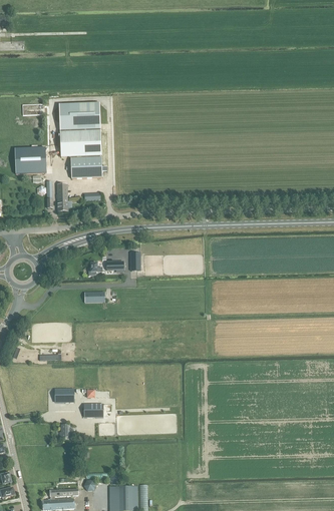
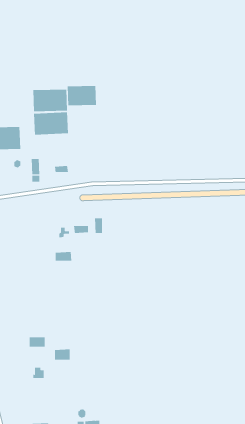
building: none -> [67,85,96,106]
building: [70,156,101,177] -> none

